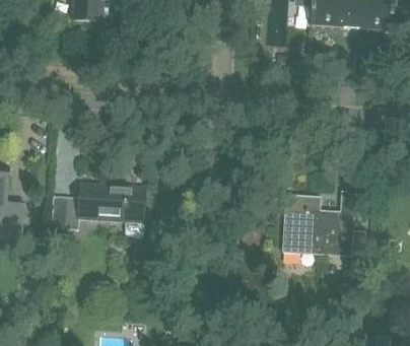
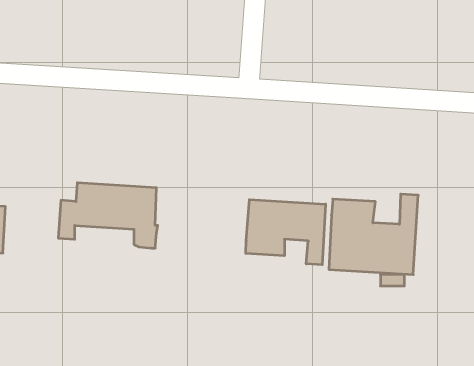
building: none -> [246,200,326,265]

